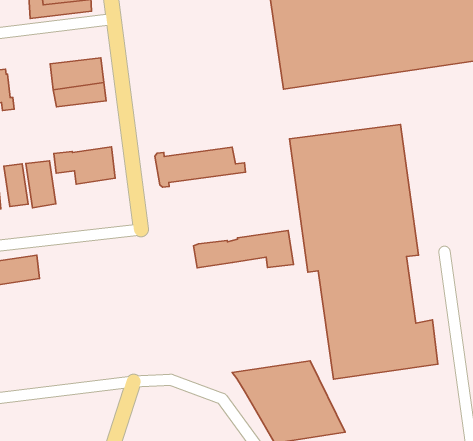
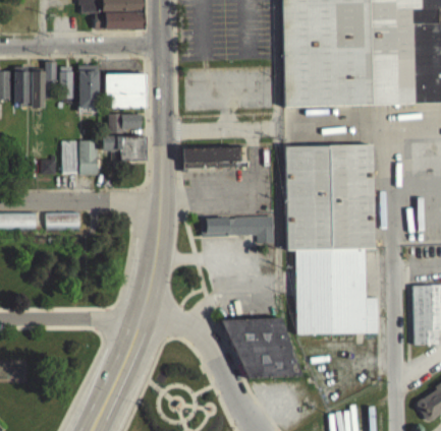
building: none -> [78,65,99,108]
building: none -> [108,114,141,133]

